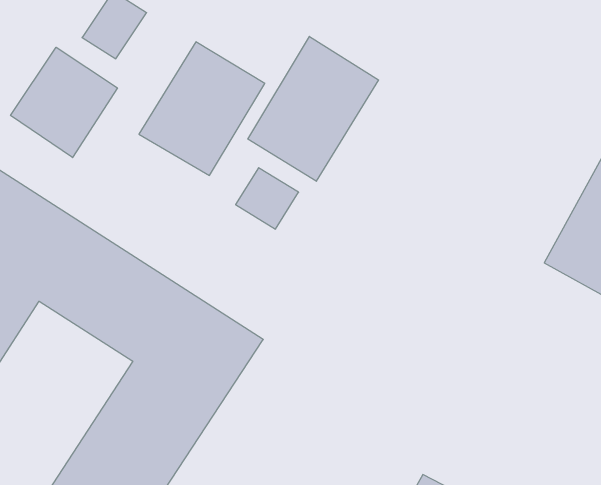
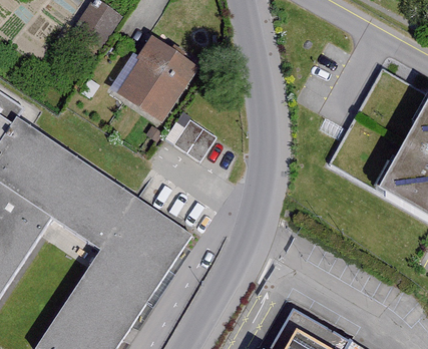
building: [248,36,379,181] -> none
building: [11,47,117,158] -> none

